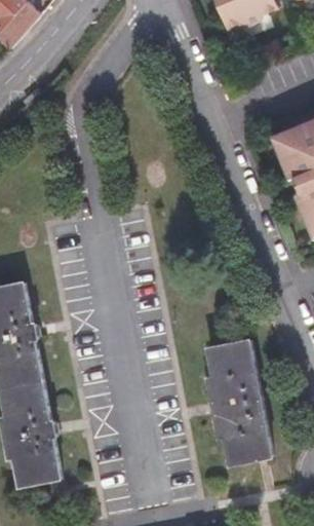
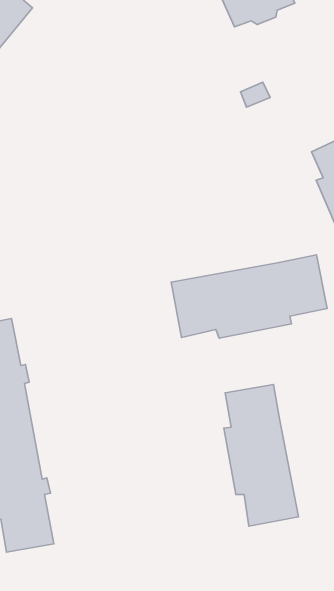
building: none -> [171,255,327,338]

